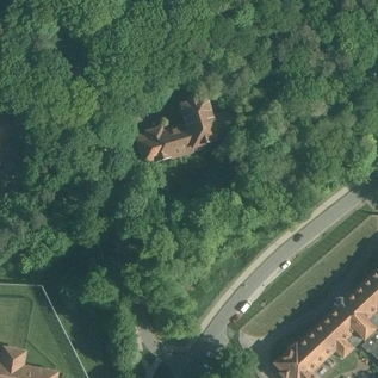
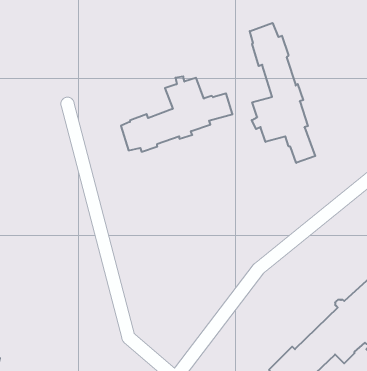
building: none -> [250,23,315,163]

